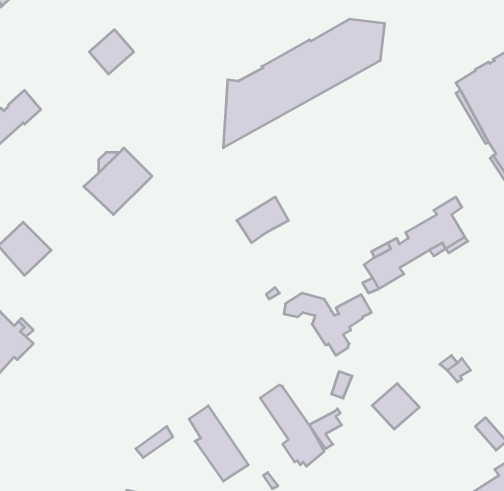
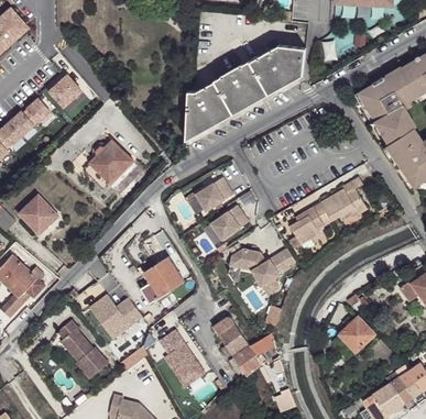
building: [89,30,134,74] -> [47,74,80,107]
building: none -> [210,205,249,240]
building: none -> [140,256,184,304]
building: none -> [89,295,142,339]
building: [372,383,419,429] -> [339,317,374,351]
building: none -> [57,319,108,378]

